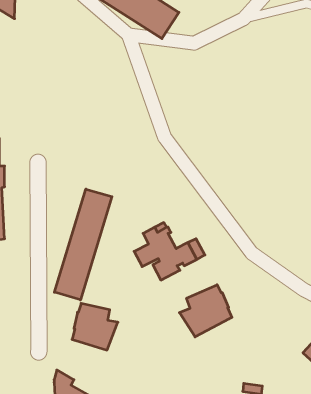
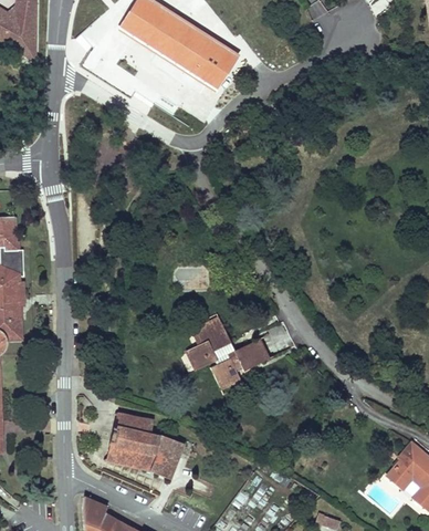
building: [54,189,112,300] -> none
building: [179,285,232,337] -> none
building: none -> [148,435,181,480]

